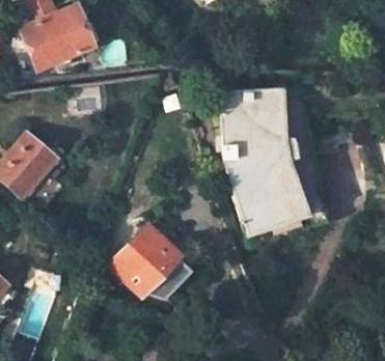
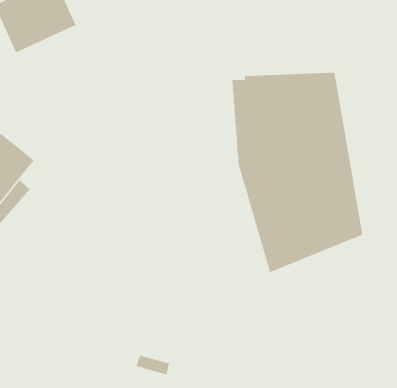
building: [110,228,191,300] -> none

